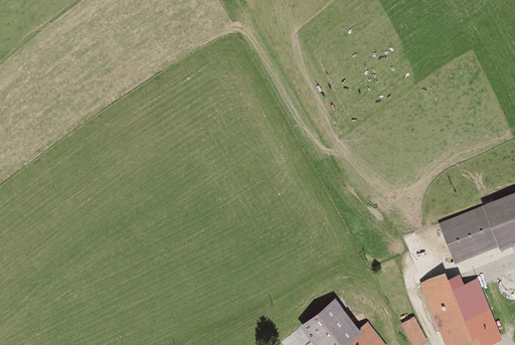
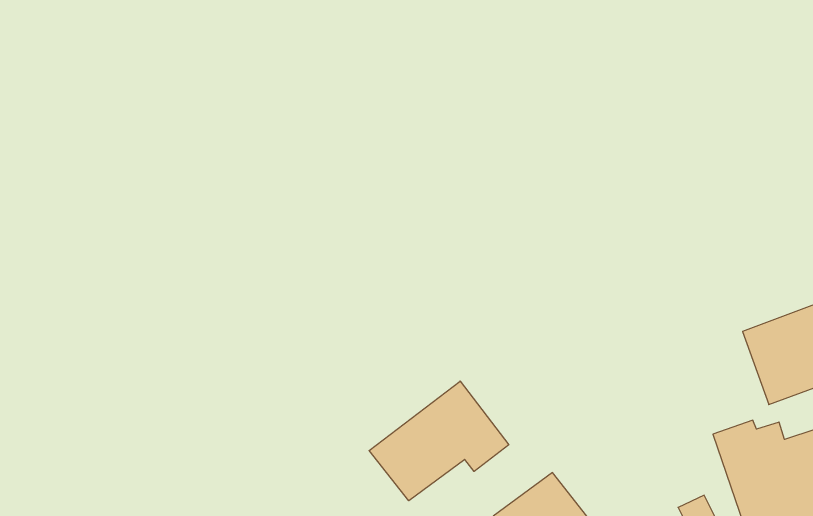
building: none -> [369,381,509,501]

